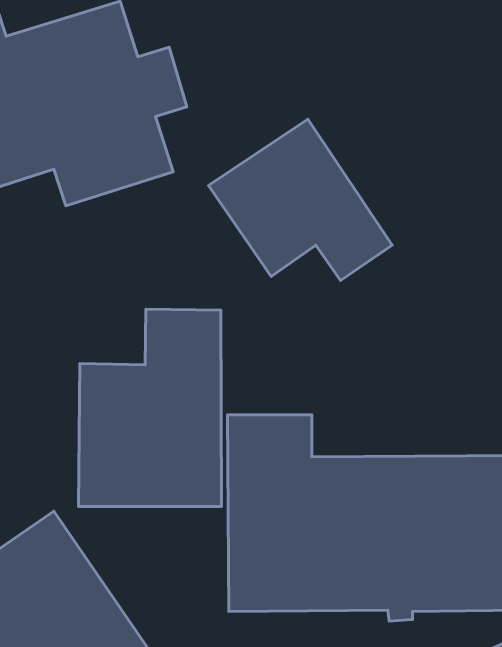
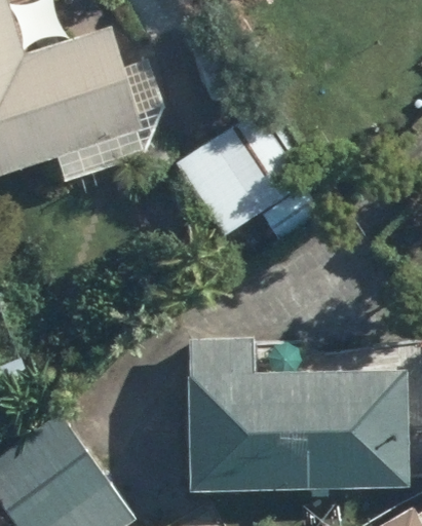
building: [78,309,221,507] -> none

